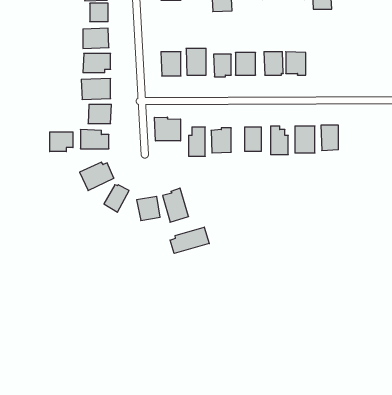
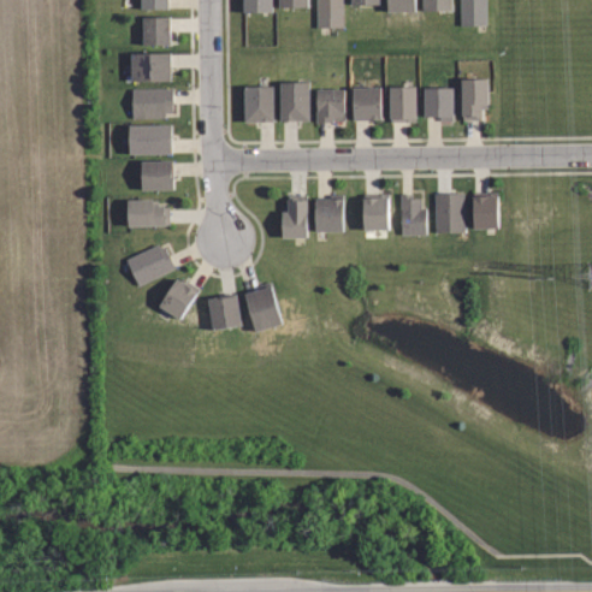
building: none -> [463,79,490,120]
building: [154,117,180,141] -> none
building: [50,132,73,152] -> none
building: [170,227,209,253] -> none

